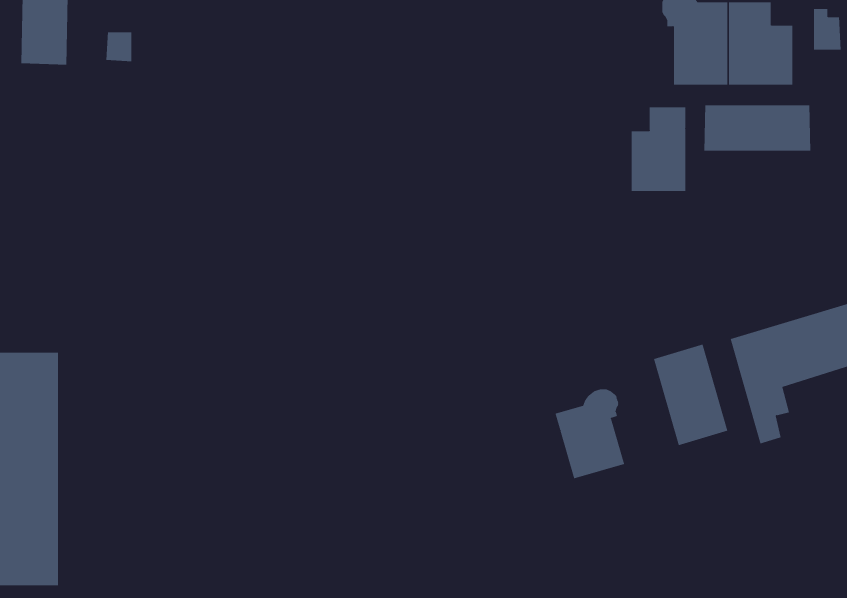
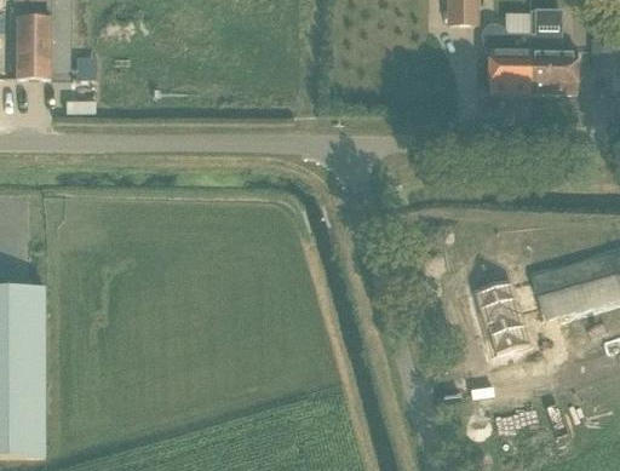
building: [704,104,811,152] -> none
building: [631,106,686,192] -> none
building: [555,388,625,479] -> none

